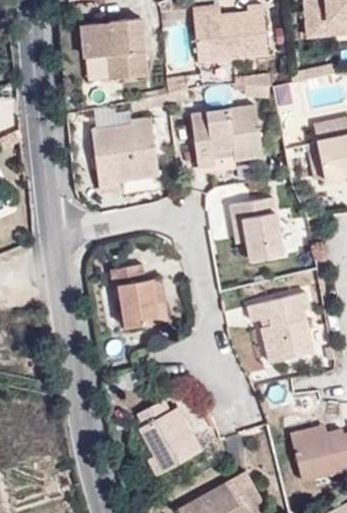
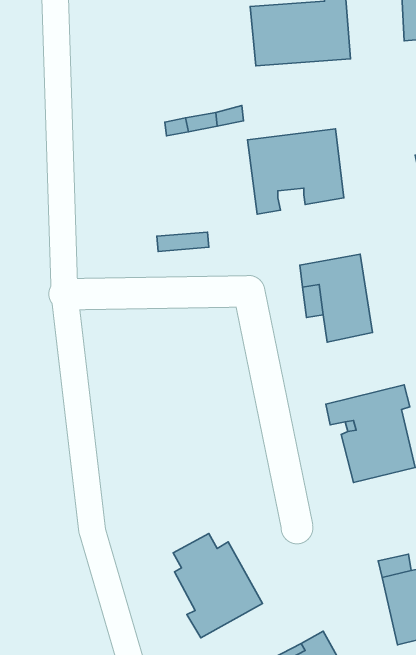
building: [84,20,145,82] -> none
building: [91,117,158,188] -> none
building: [110,265,167,328] -> none

